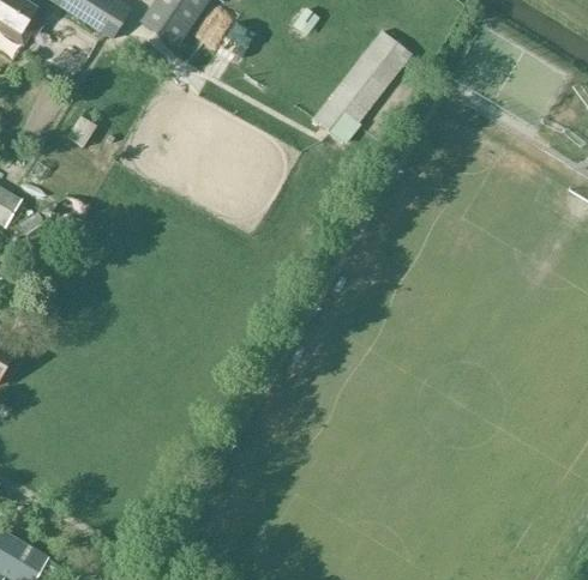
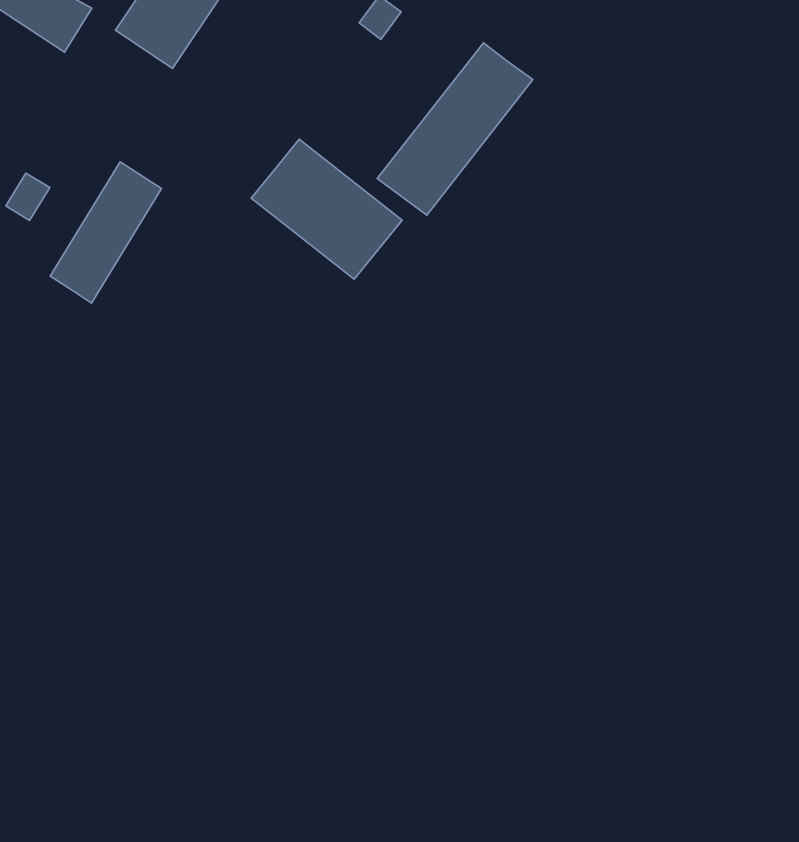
building: none -> [251,139,402,279]
building: none -> [50,162,161,303]

